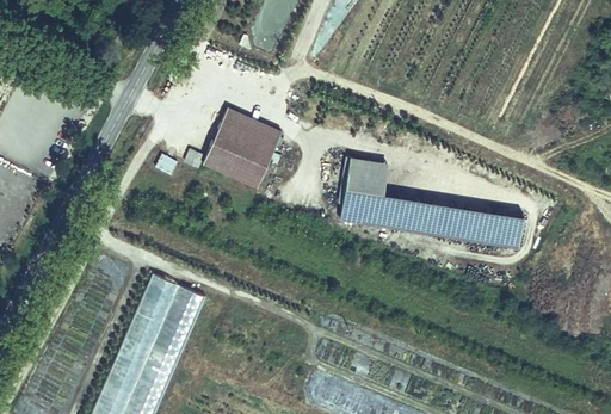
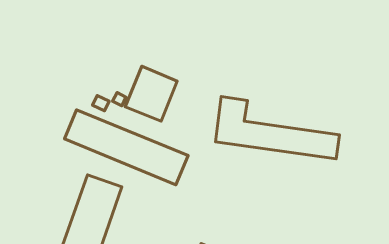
building: none -> [65,110,188,185]

